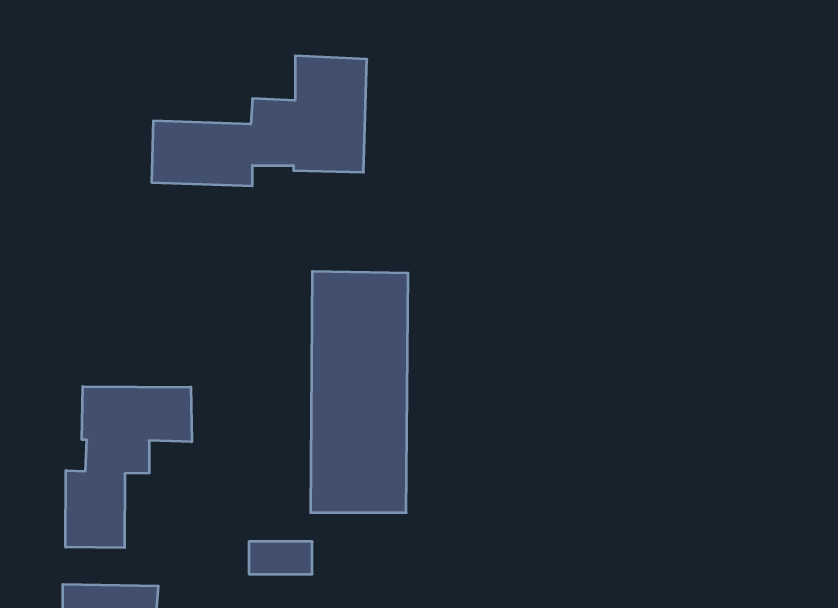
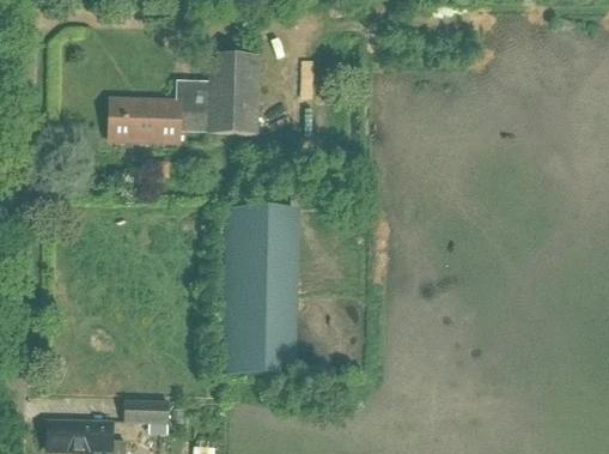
building: [66,386,192,548] -> none
building: [249,542,312,574] -> [126,399,170,422]

